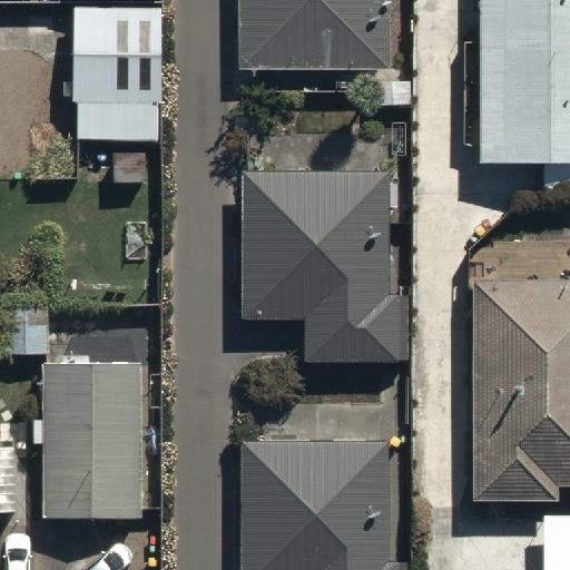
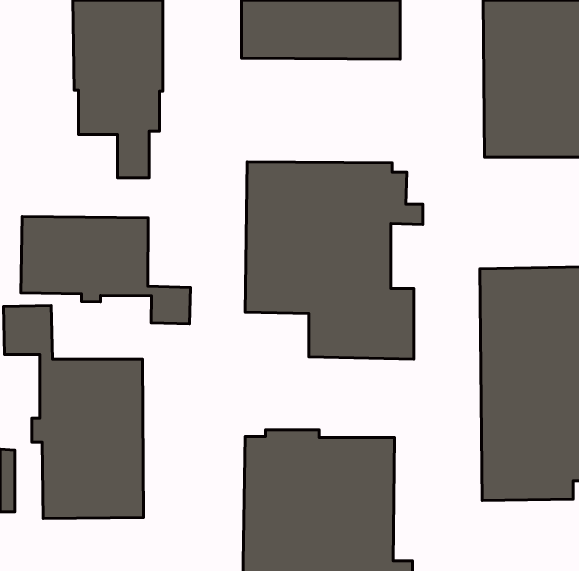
building: none -> [21,216,190,324]

